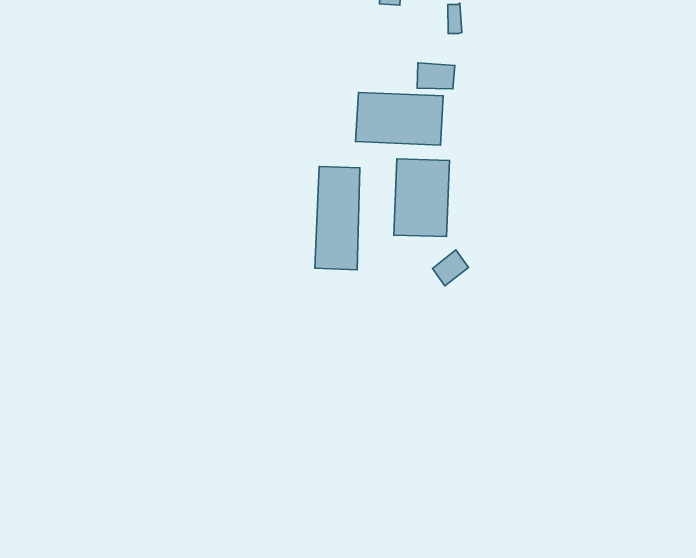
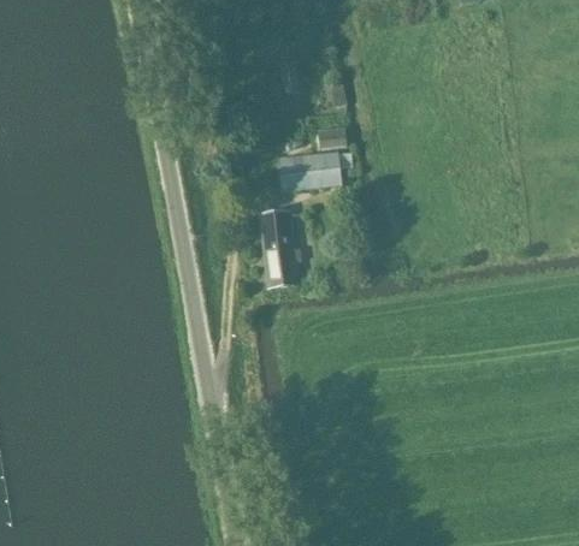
building: [394,159,450,237] -> none

